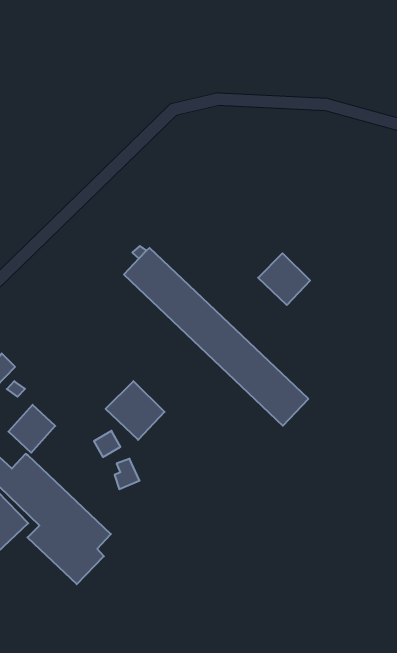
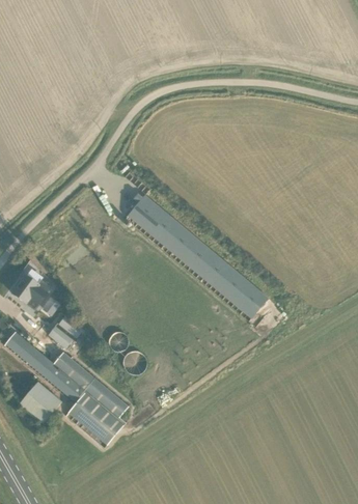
building: [258,253,310,305] -> none
building: [106,381,165,440] -> none

